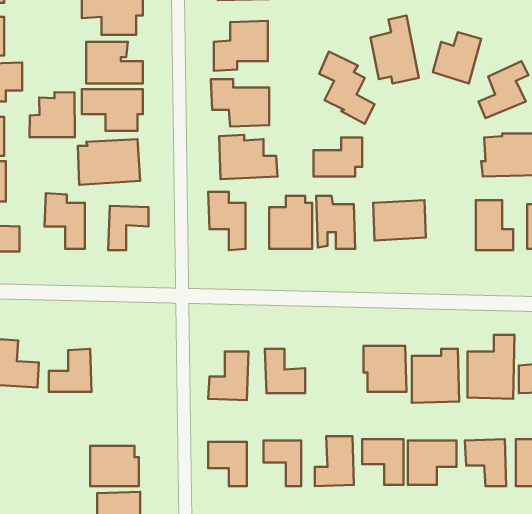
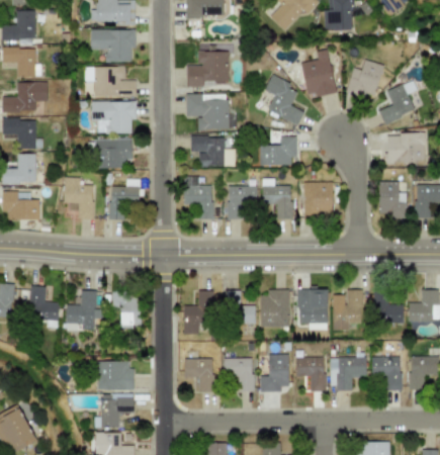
building: [29,92,75,137] -> none
building: none -> [261,289,289,327]
building: none -> [111,292,140,327]

